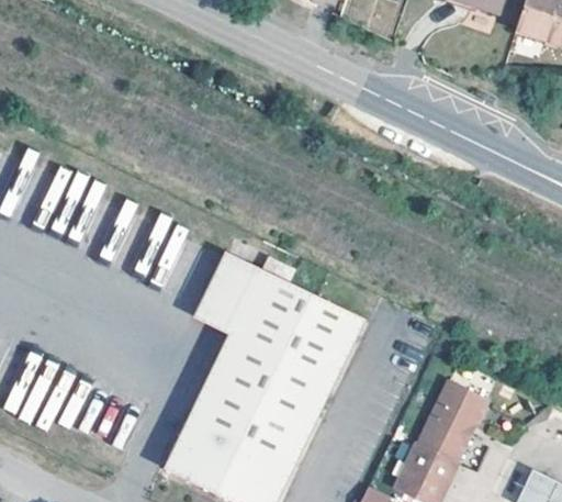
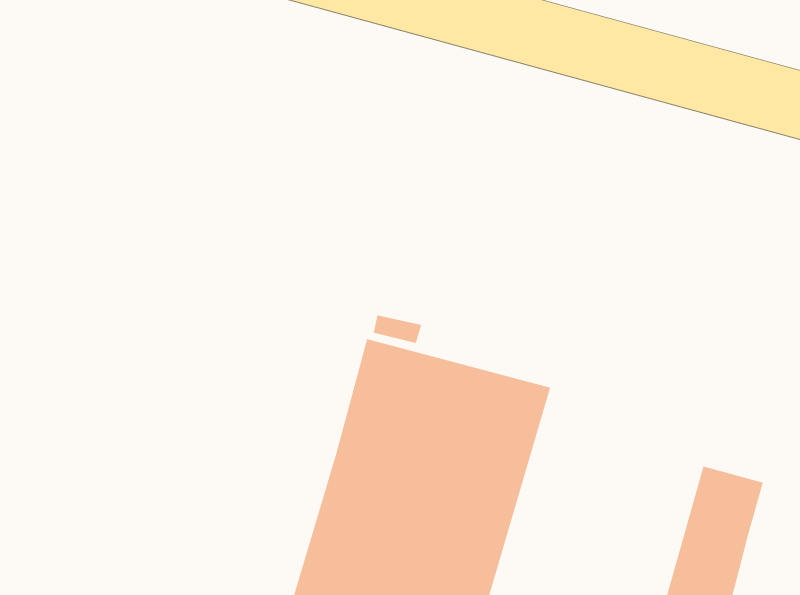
building: [194,250,260,335] -> none

